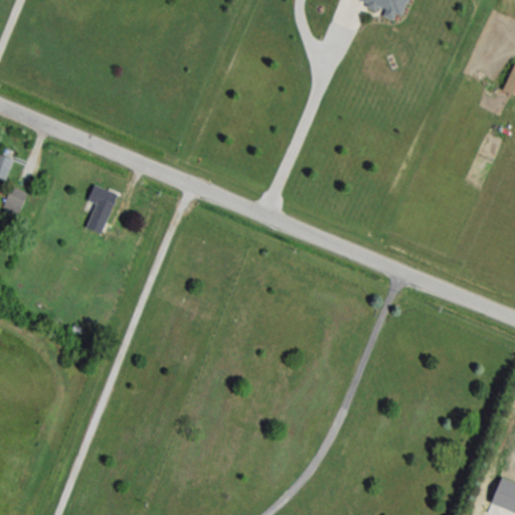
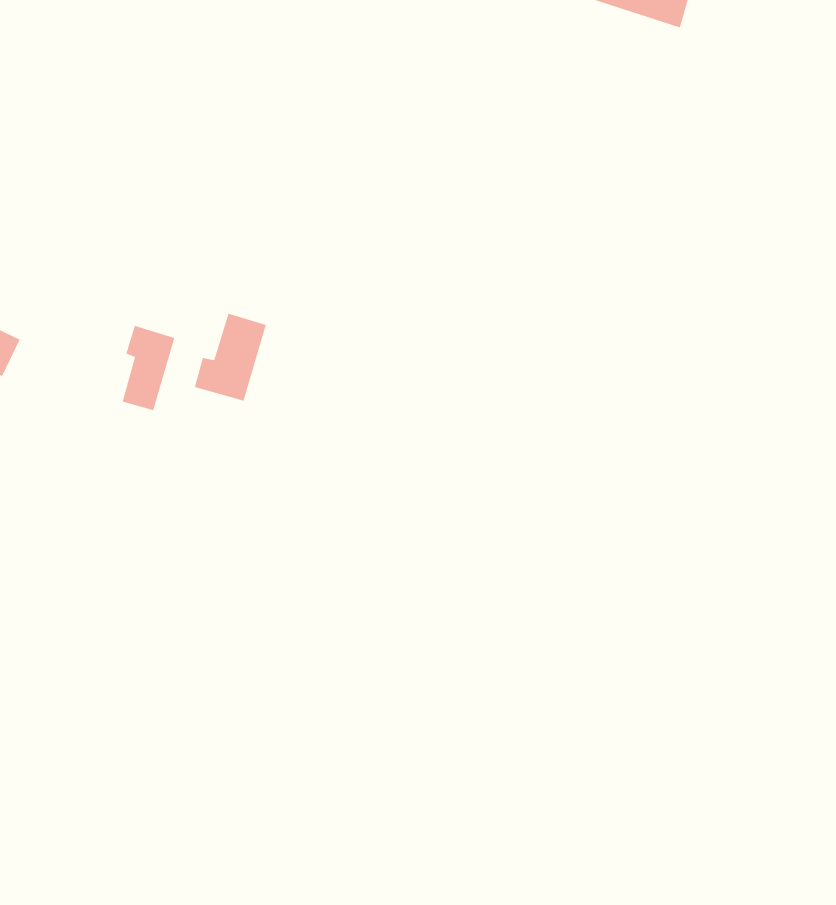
building: none -> [194,313,266,401]

